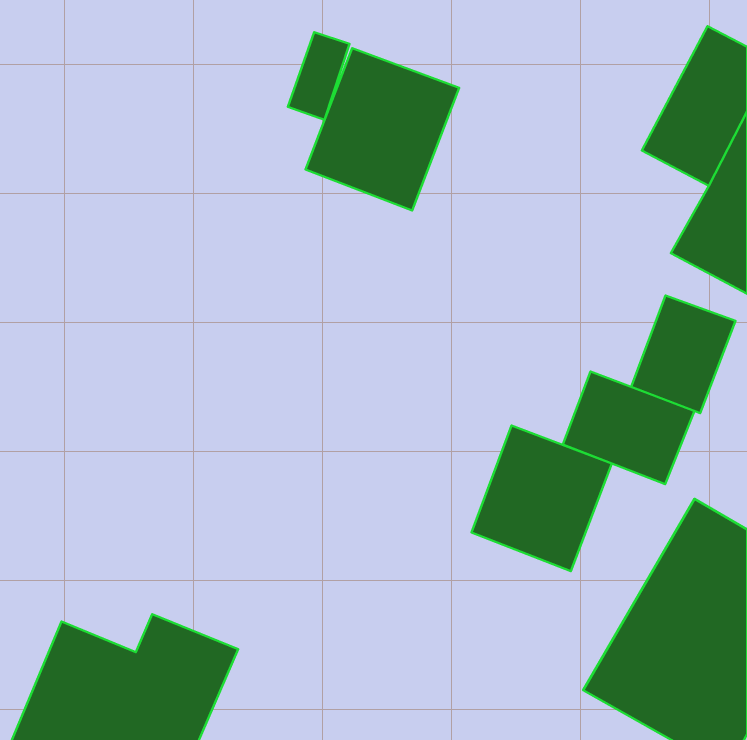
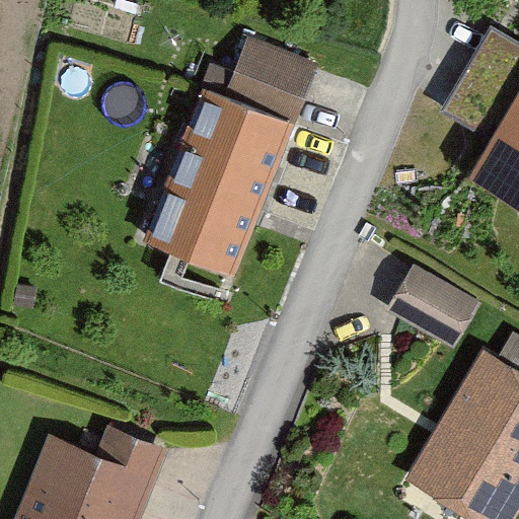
building: none -> [141,114,286,279]
building: [631,295,735,413] -> none
building: [472,426,612,571] -> none

